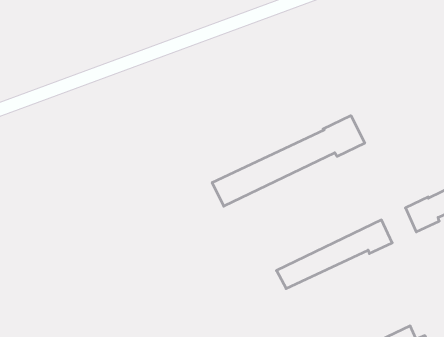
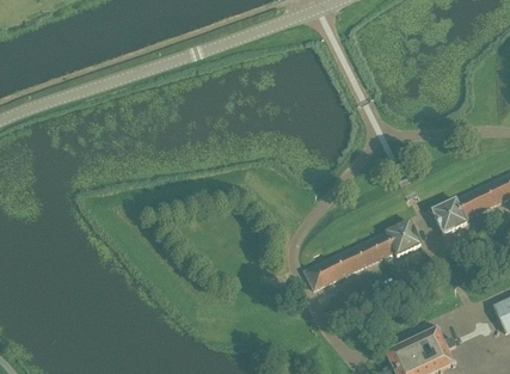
building: [212,116,365,206] -> none

